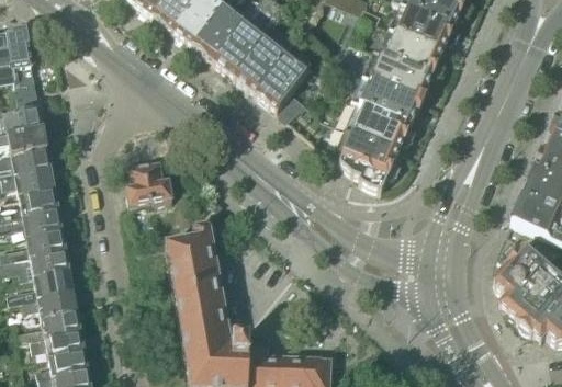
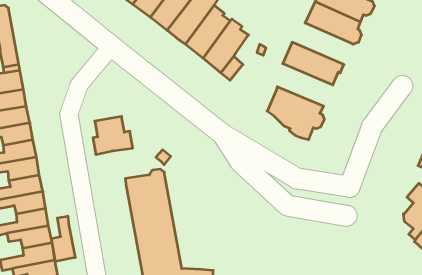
building: [361,48,431,100] -> none
building: [344,101,415,149] -> none
building: none -> [51,216,75,262]

